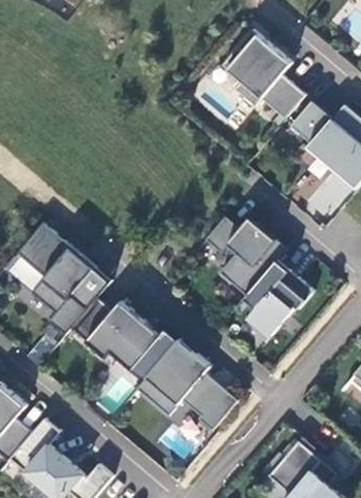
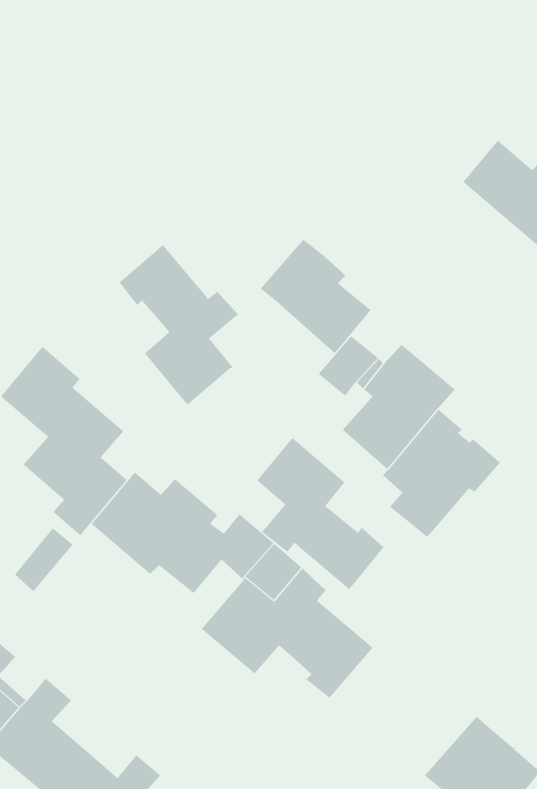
building: [222,29,305,119] -> none
building: none -> [260,239,371,354]
building: none -> [119,244,239,405]
building: none -> [256,437,384,590]

